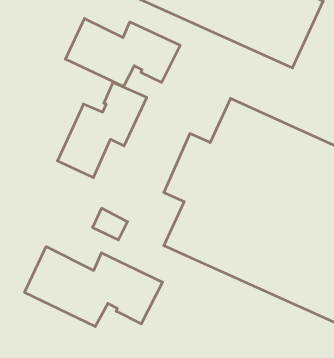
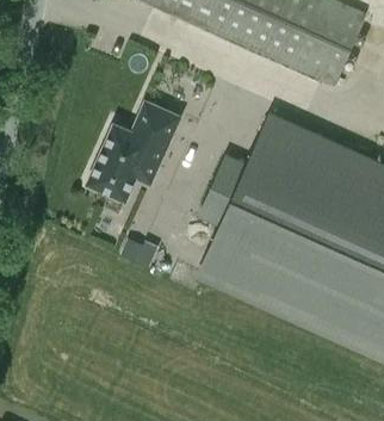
building: [65,18,180,87] -> none
building: [25,247,163,327] -> none

